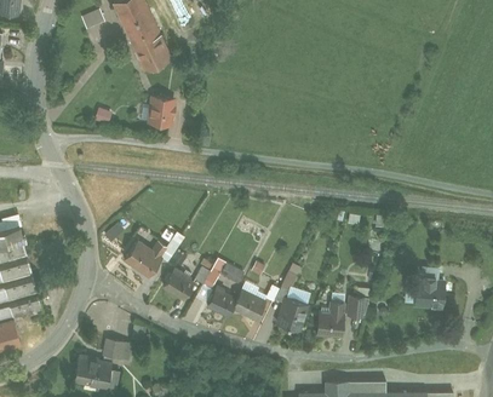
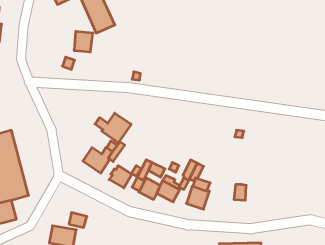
building: [147,96,174,126] -> [74,31,93,52]
building: none -> [95,113,131,143]
building: [405,278,447,310] -> none
building: [316,301,346,338] -> none

